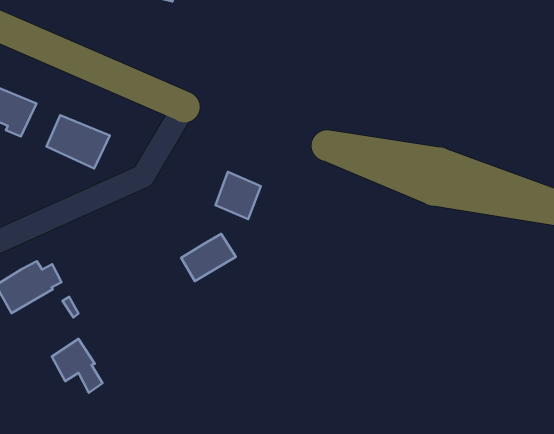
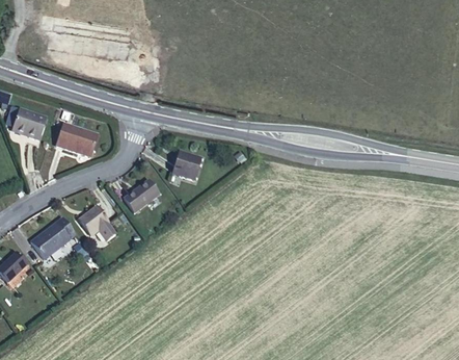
building: [181,234,236,281] -> [124,179,160,212]
building: [52,339,102,393] -> [79,204,114,239]

